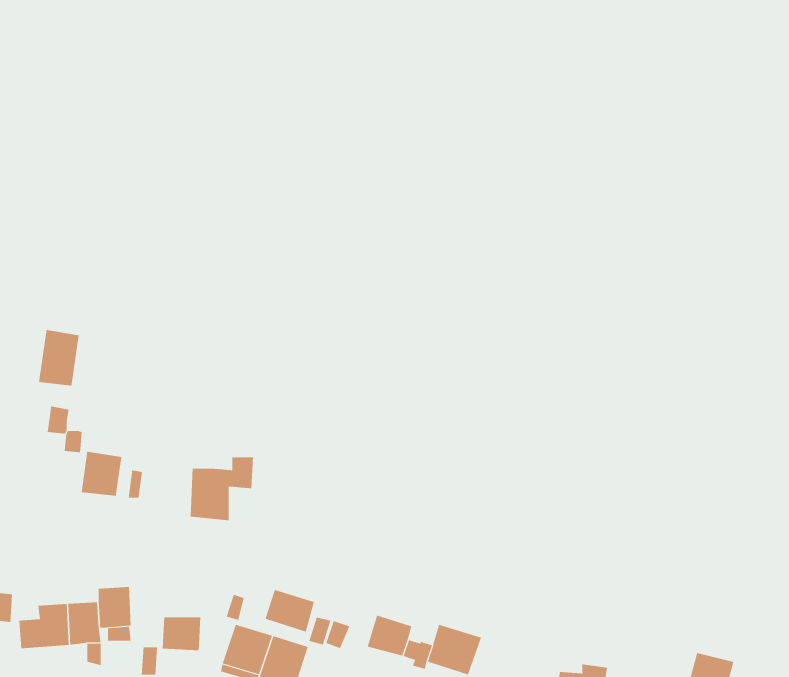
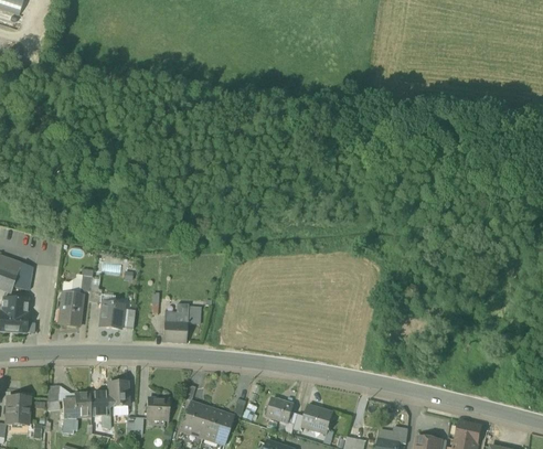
building: [38,330,80,386] -> [58,292,83,325]
building: [265,589,315,633] -> none

